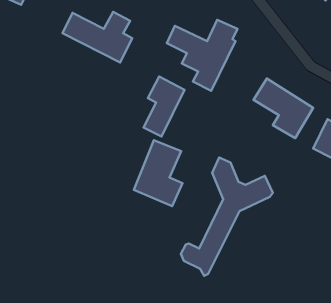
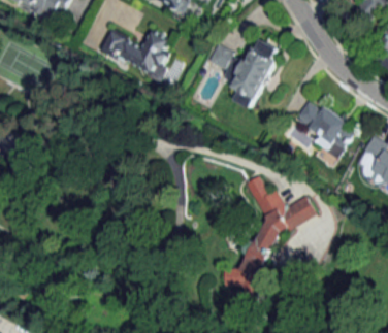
building: [144,77,184,136] -> none
building: [134,140,182,206] -> none

